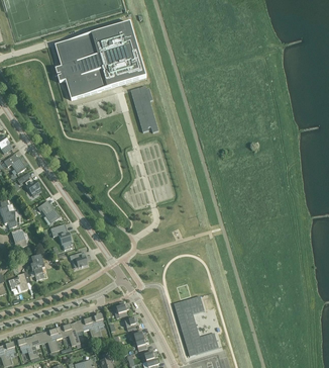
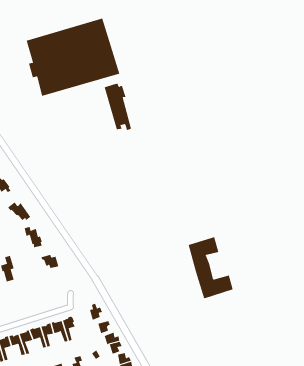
building: [174,295,218,356] -> [188,237,234,299]

